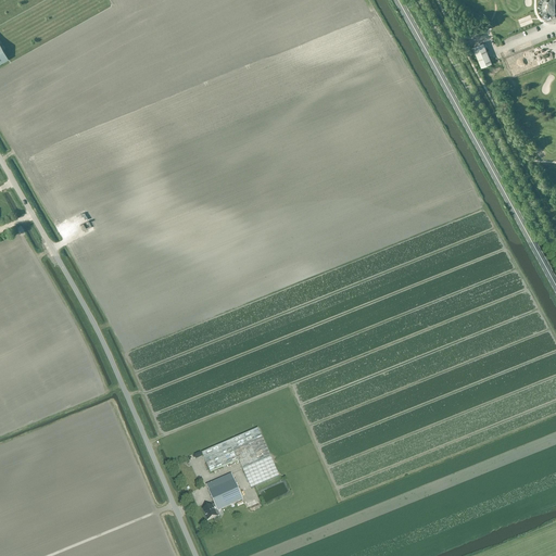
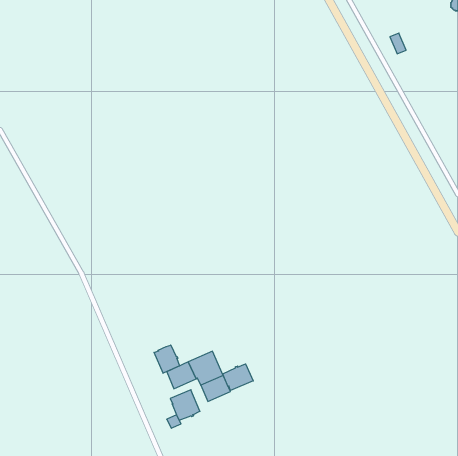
building: none -> [154,345,180,373]
building: none -> [223,364,253,391]

